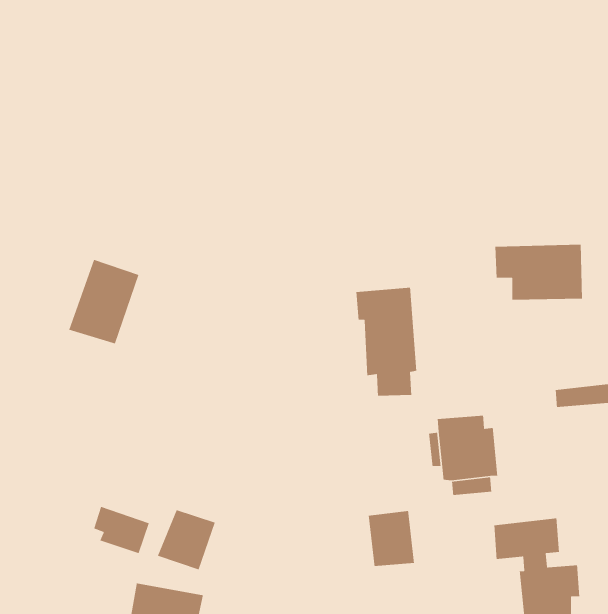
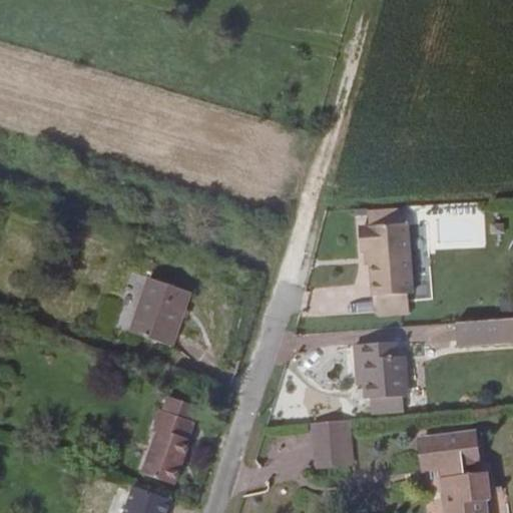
building: [68,259,139,345] -> [126,273,185,344]
building: [356,287,417,397] -> [364,224,415,316]
building: [93,506,150,554] -> [148,396,195,436]

